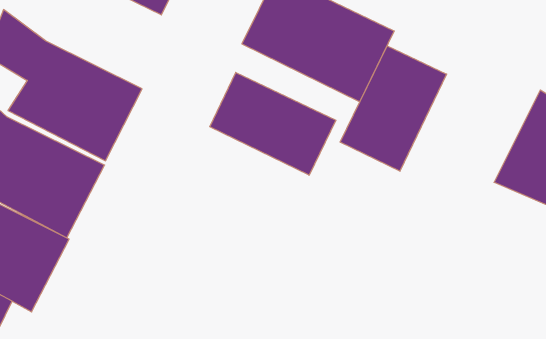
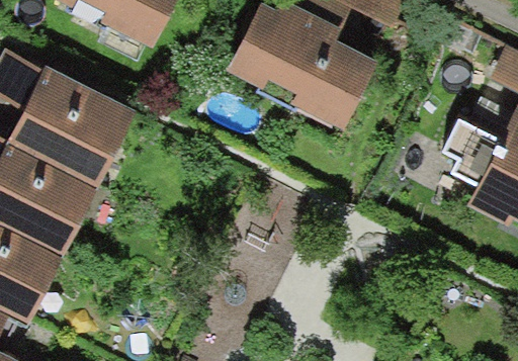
building: [340,46,447,171] -> none
building: [210,72,336,175] -> none

